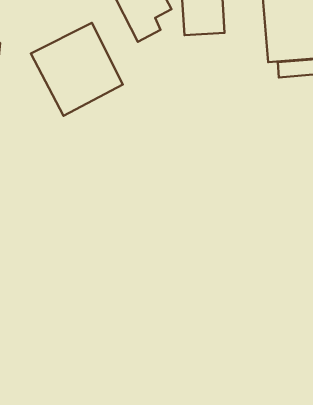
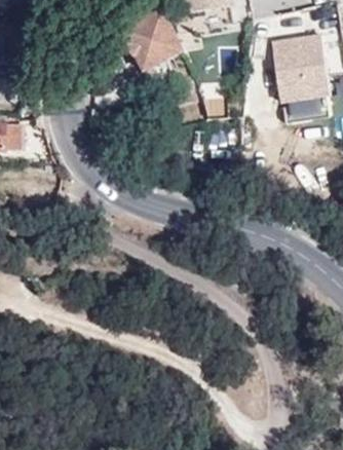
building: [31,23,123,116] -> none

